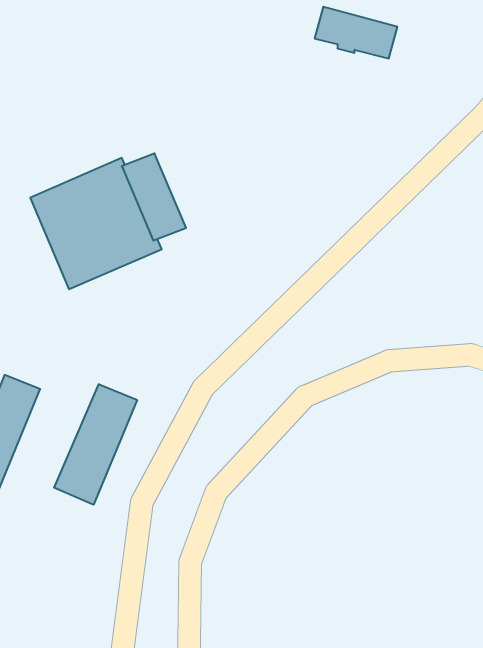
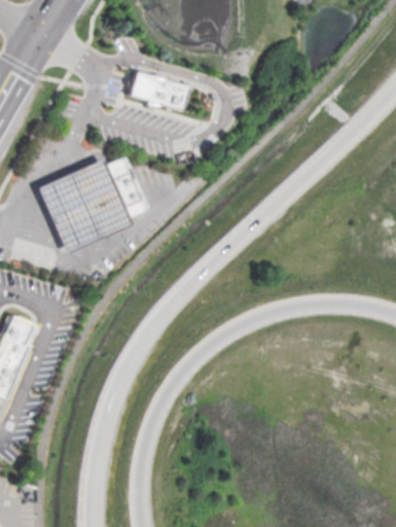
building: [315,7,397,58] -> [129,72,188,109]
building: [54,384,137,505] -> none

